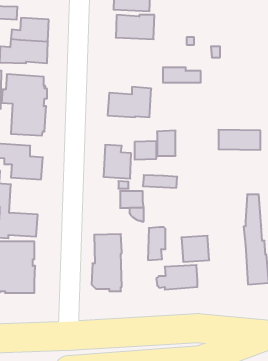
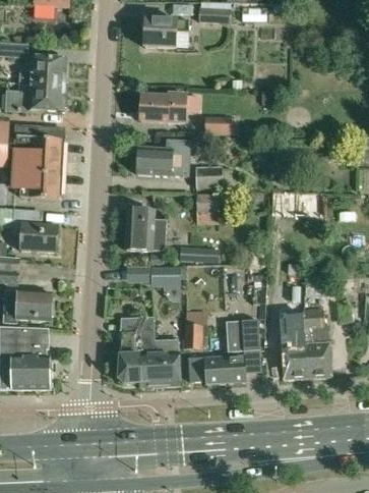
building: [116,15,154,39] -> [139,94,186,123]
building: [135,141,156,160] -> [195,166,222,188]
building: none -> [280,305,306,380]
building: none -> [152,338,180,387]

